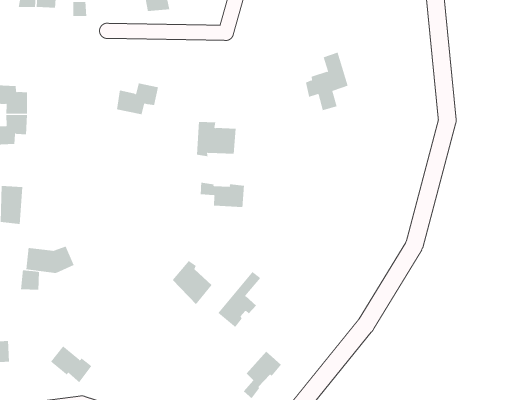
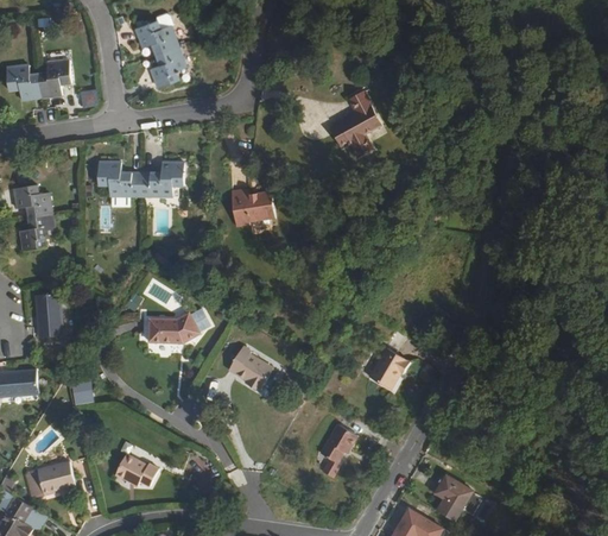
building: none -> [99,162,141,196]
building: [200,182,244,208] -> none
building: [25,246,74,273] -> [144,316,196,348]
building: [218,271,261,328] -> [367,326,407,389]

